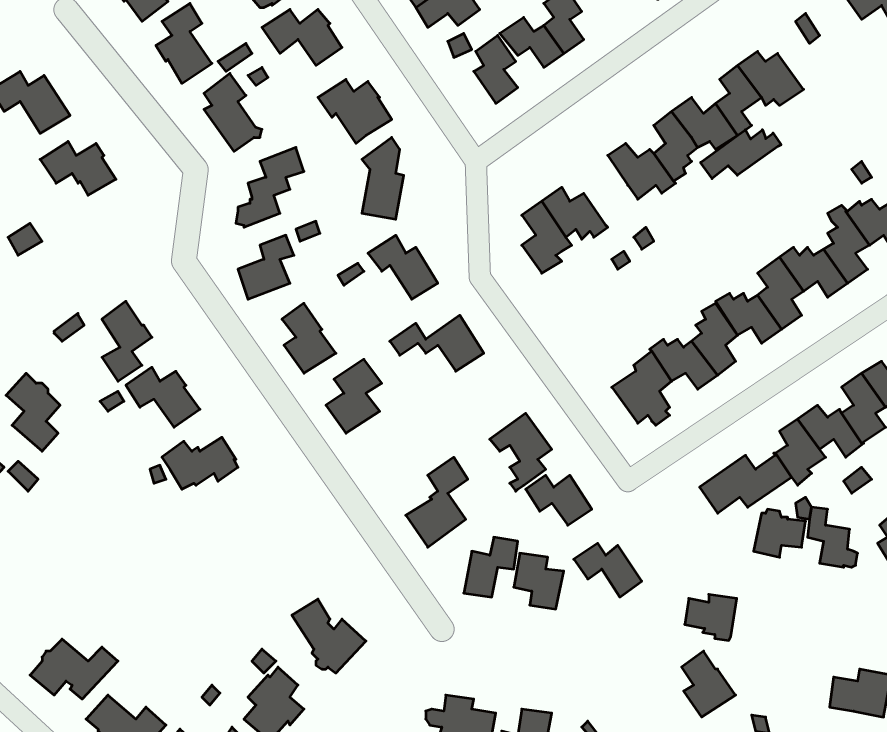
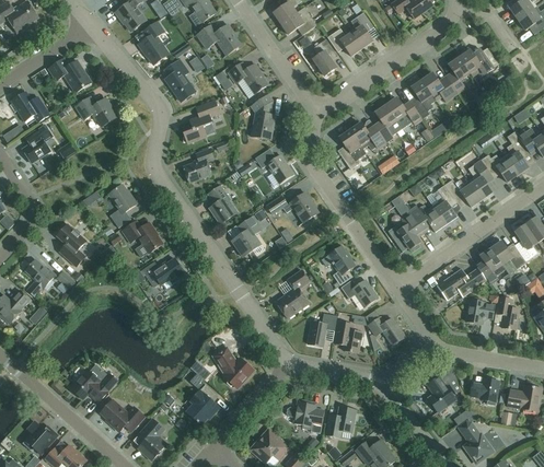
building: [701,130,781,179] -> none
building: none -> [373,104,397,142]
building: [685,594,737,640] -> [471,378,499,404]

